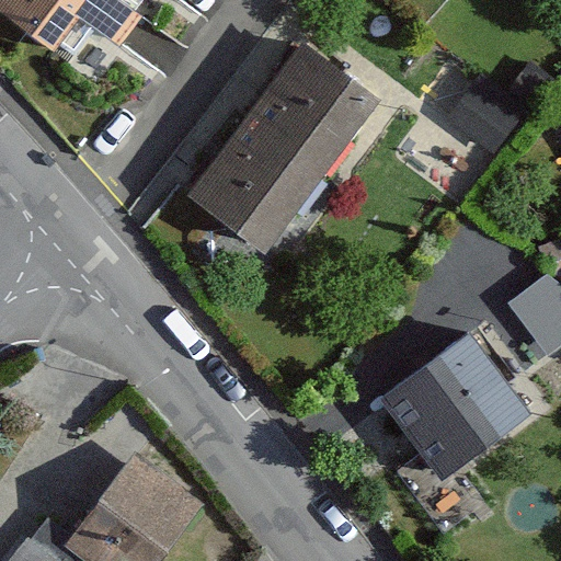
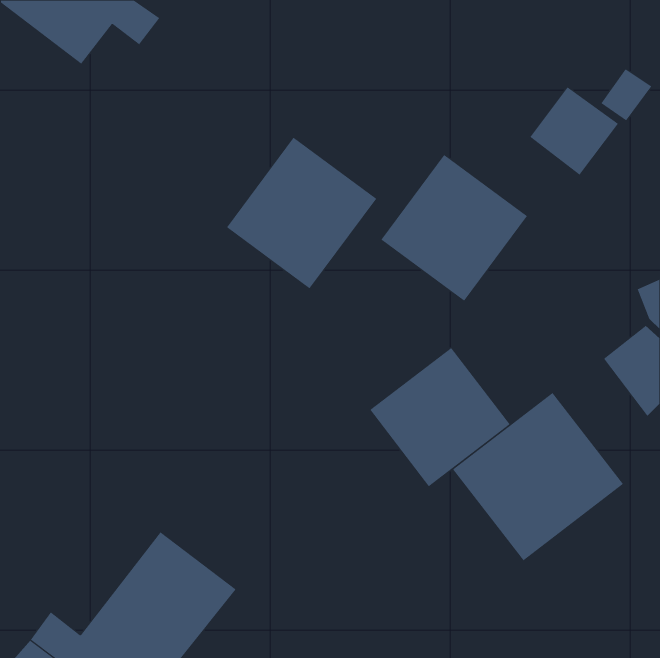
building: [249,45,374,170] -> [381,154,528,301]
building: none -> [369,347,511,487]

